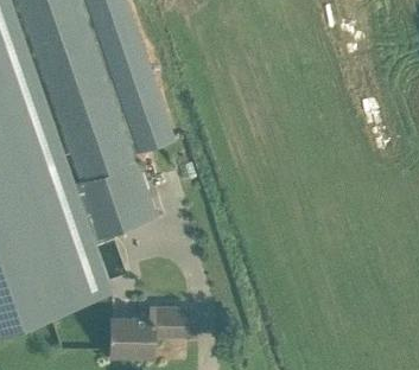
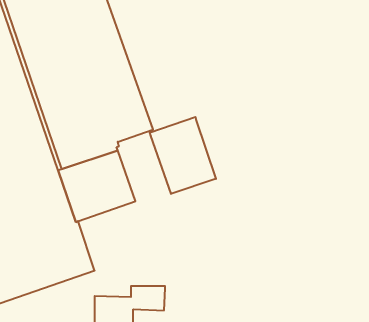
building: none -> [150,117,216,194]

